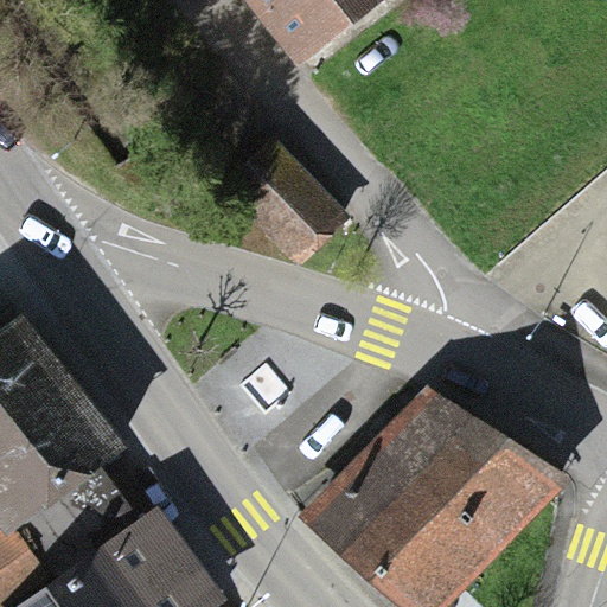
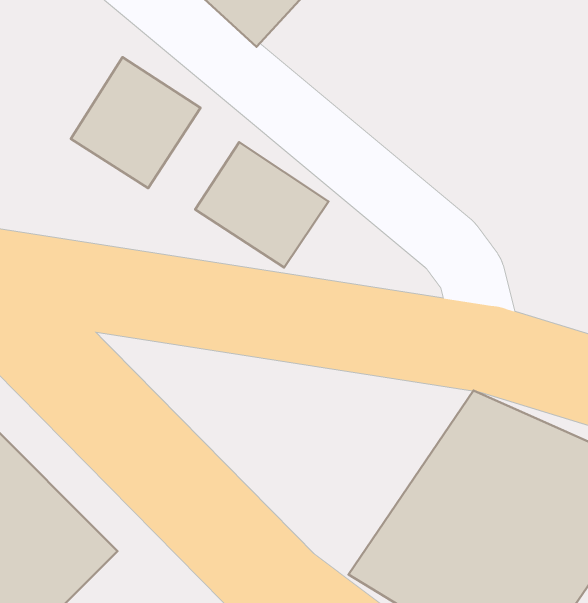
building: none -> [71,57,200,188]

